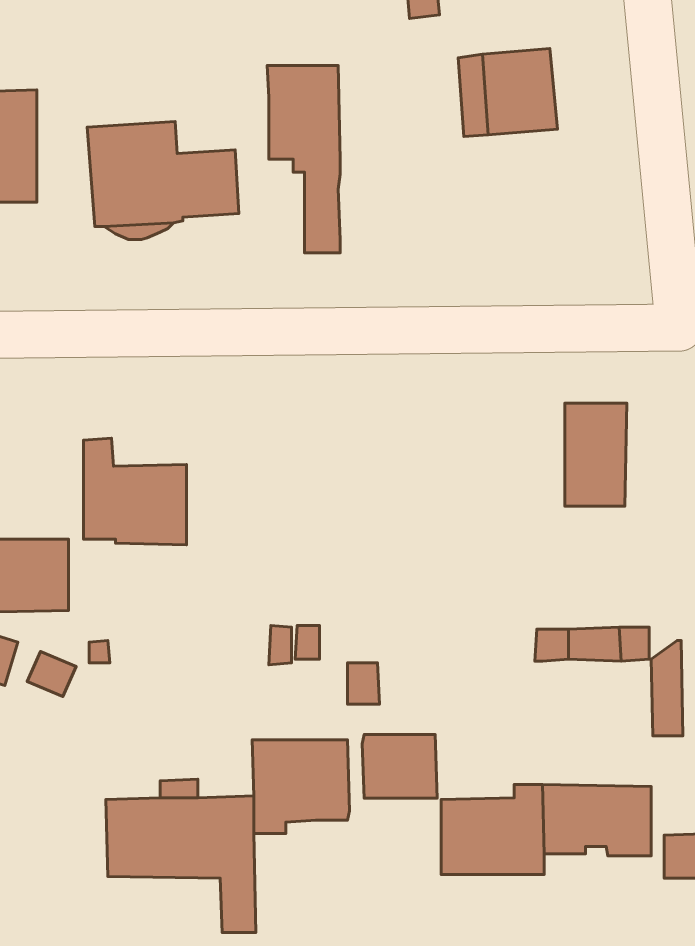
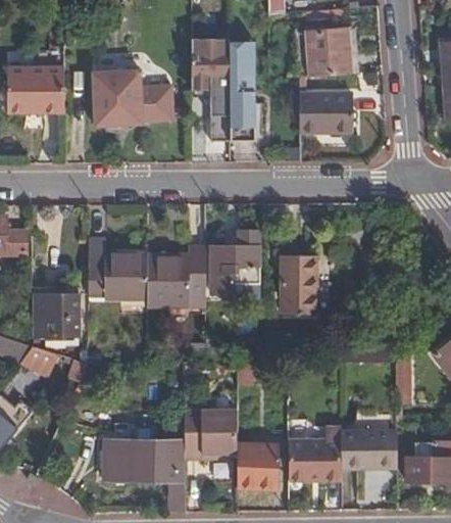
building: none -> [229,39,256,139]
building: none -> [299,92,352,131]
building: [565,403,627,506] -> [281,256,314,313]
building: none -> [146,247,204,308]
building: none -> [209,247,257,284]
building: [362,734,437,798] -> [234,444,274,479]

